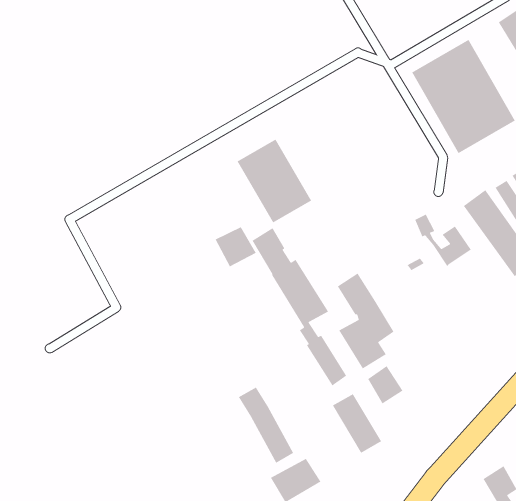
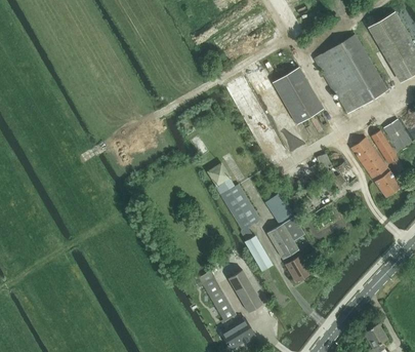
building: [236,138,312,223] -> [272,67,323,124]
building: [215,226,257,267] -> none
building: [332,393,382,454] -> [229,270,262,311]

